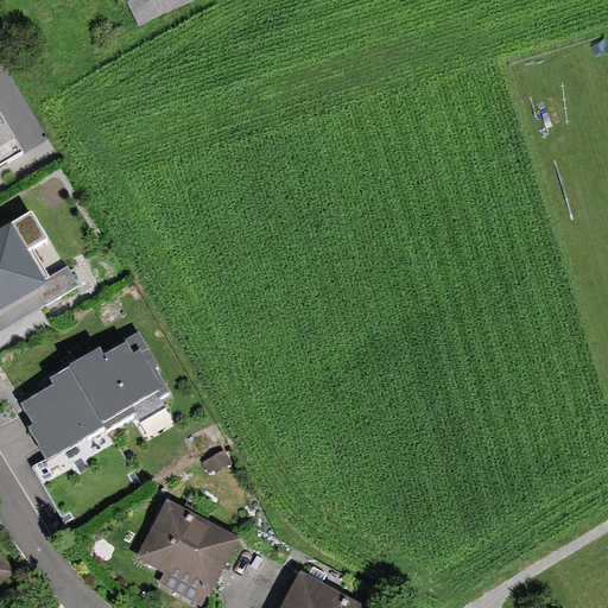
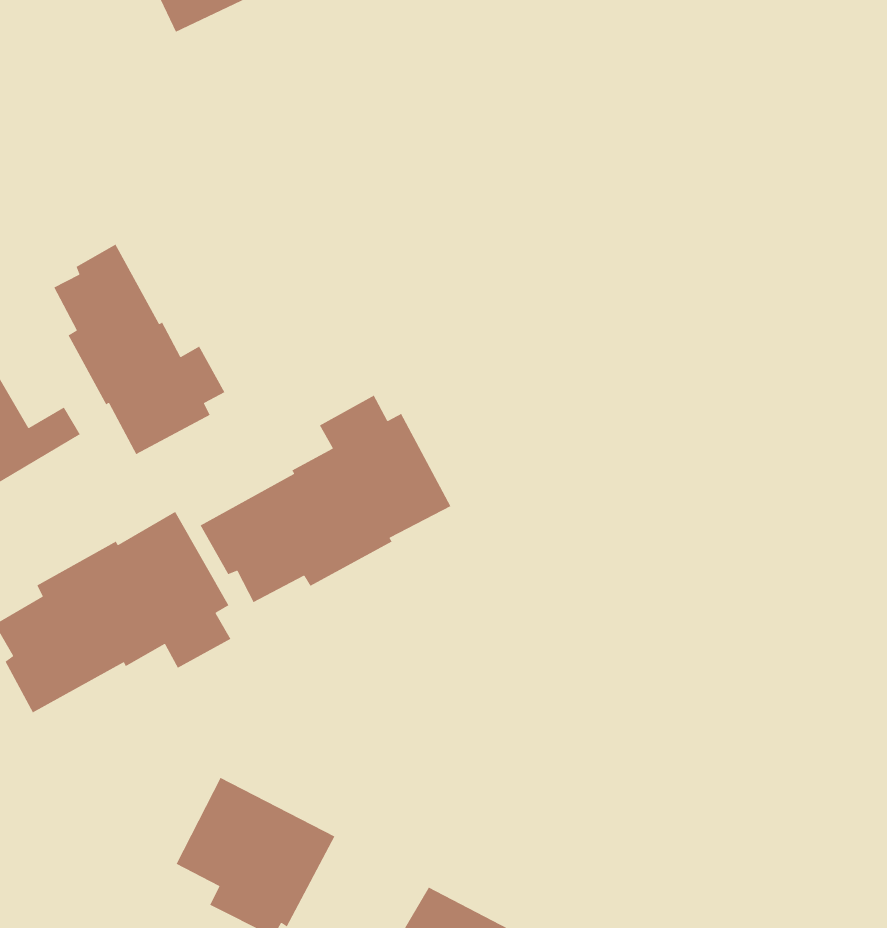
building: none -> [53,244,225,455]
building: none -> [200,394,451,603]

